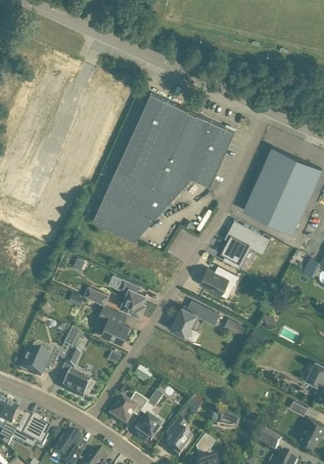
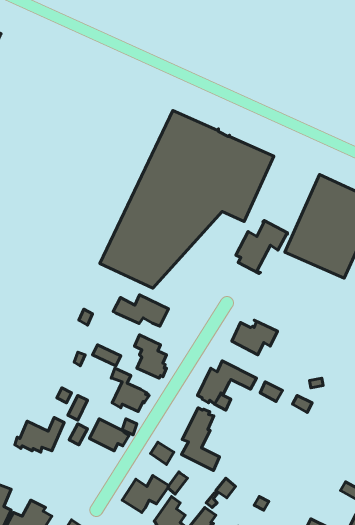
building: [220,225,263,269] -> [236,221,288,274]
building: none -> [113,295,169,326]
building: none -> [182,408,220,470]
building: [61,373,94,399] -> [89,419,129,451]

